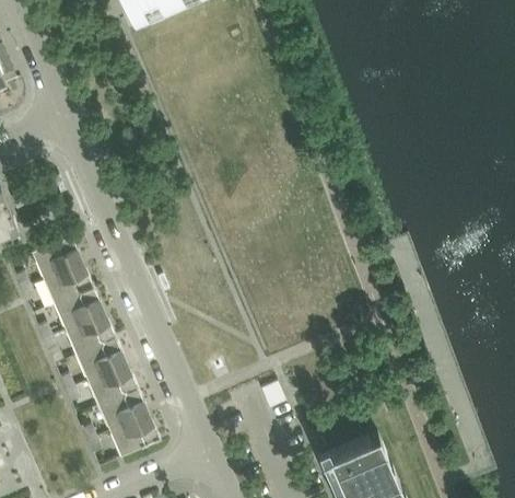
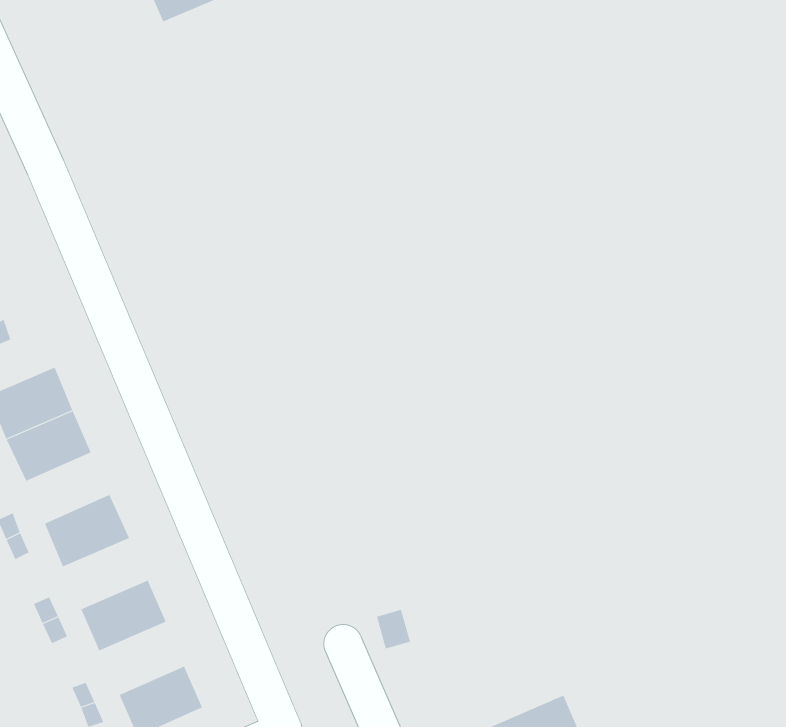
building: [51,285,102,327] -> none
building: [73,336,125,379] -> none
building: [95,386,147,430] -> none

